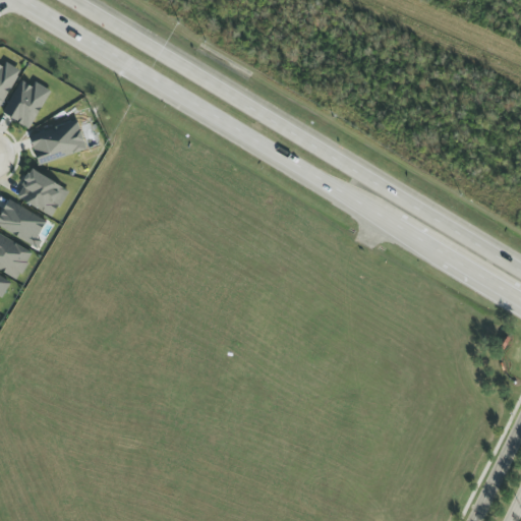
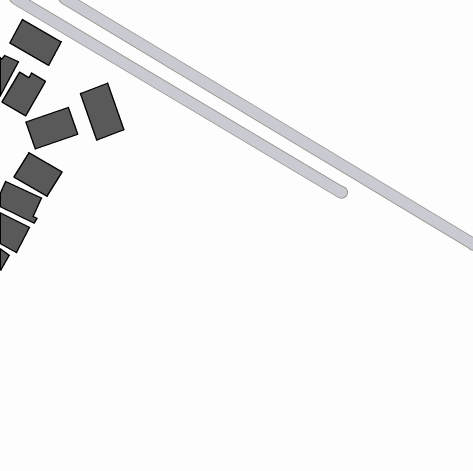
building: none -> [10,19,61,65]
building: none -> [81,83,124,140]

